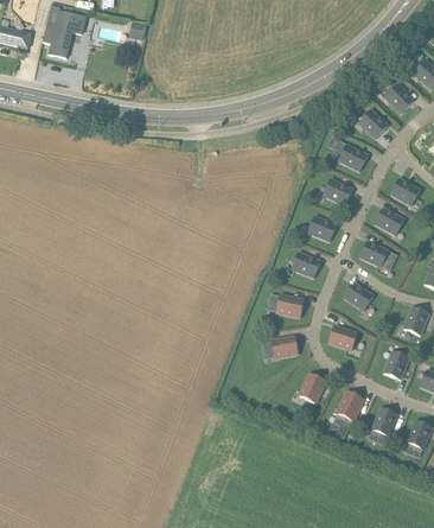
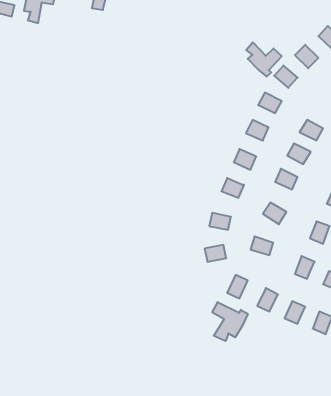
building: none -> [246,42,282,77]
building: none -> [212,302,248,341]

